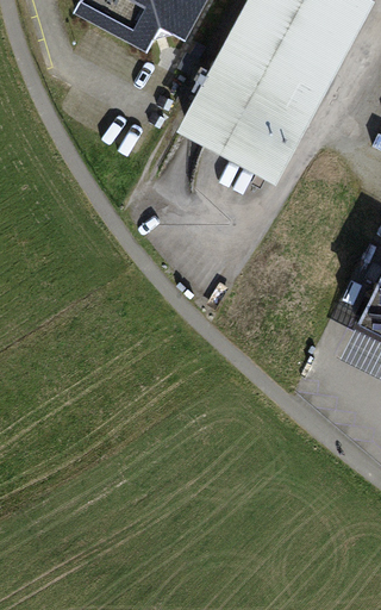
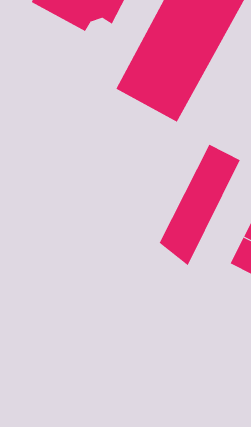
building: none -> [159,144,240,266]

